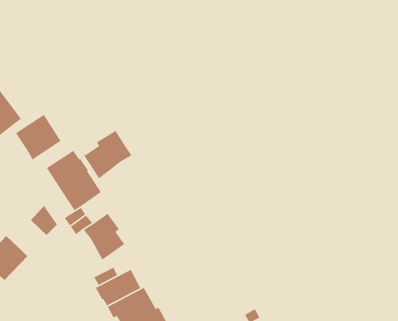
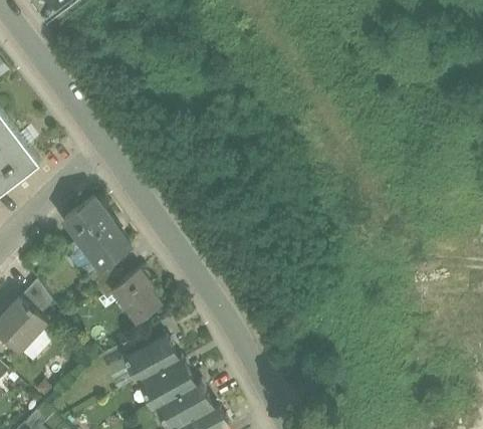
building: [15,114,61,160] -> none
building: [83,130,133,179] -> none
building: [30,205,58,236] -> [20,281,52,317]

